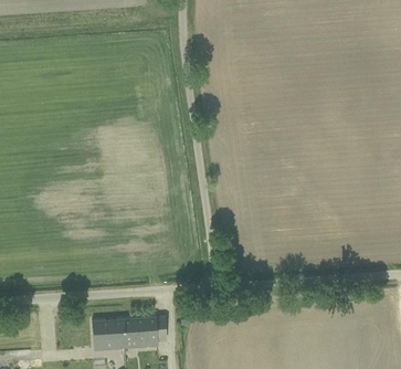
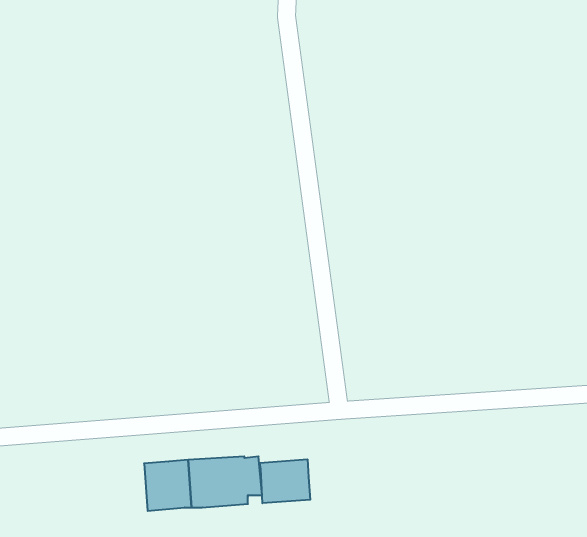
building: none -> [260,459,310,503]

